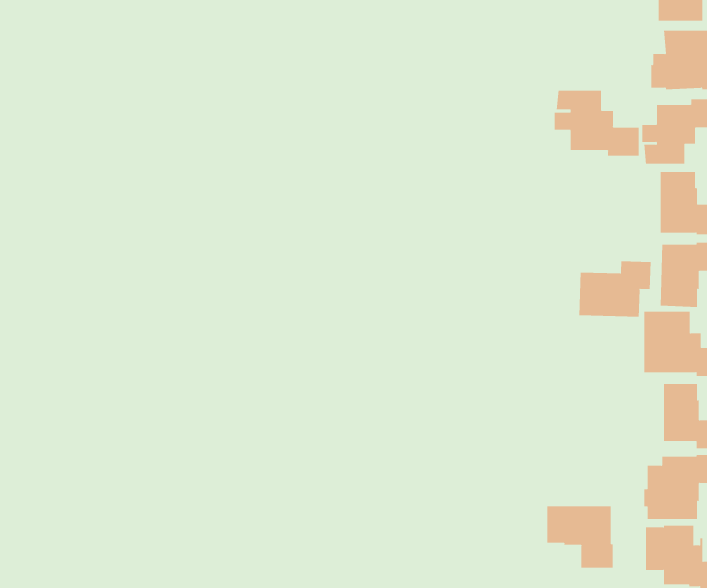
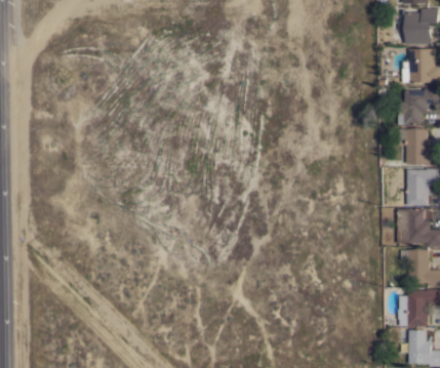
building: [554,90,639,156] -> none
building: [579,261,651,318] -> none
building: [547,505,613,569] -> none

